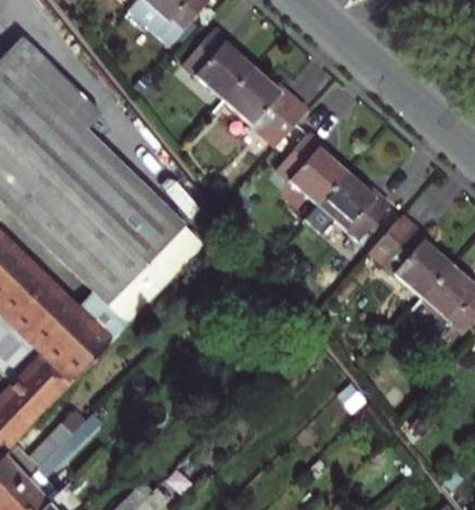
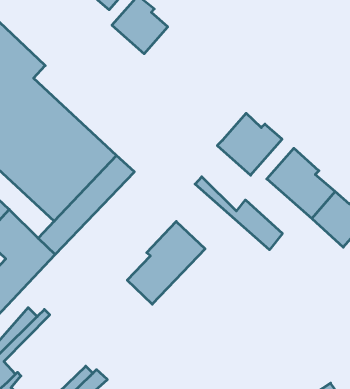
building: [218,64,302,144] -> none
building: [272,129,342,202] -> none
building: none -> [195,177,282,250]
building: none -> [127,221,205,304]

